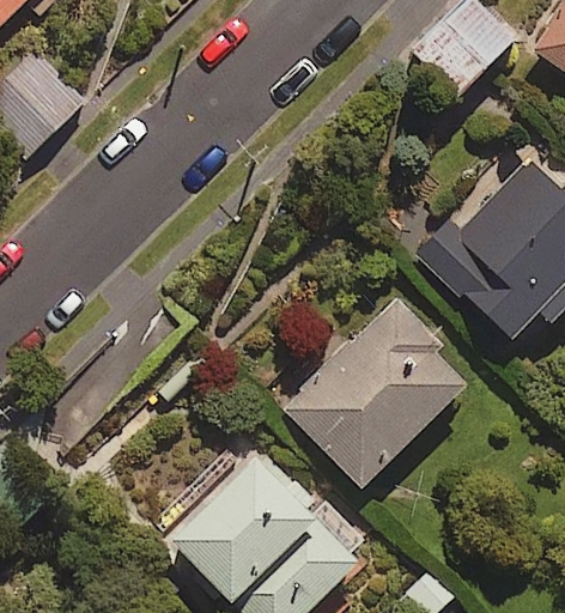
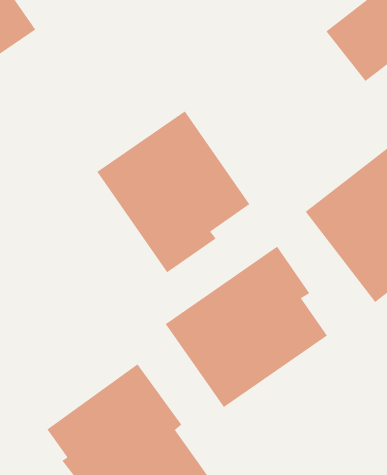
building: none -> [96,110,250,273]

